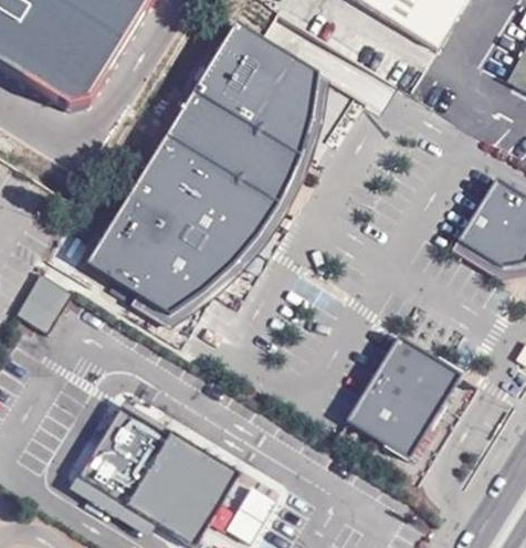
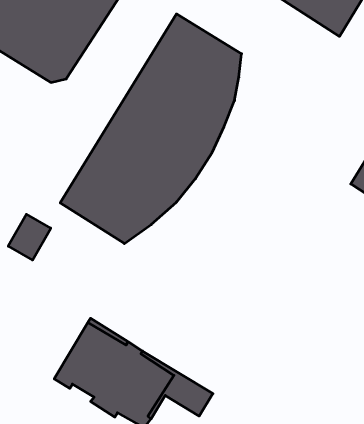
building: [343,330,460,456] -> none

